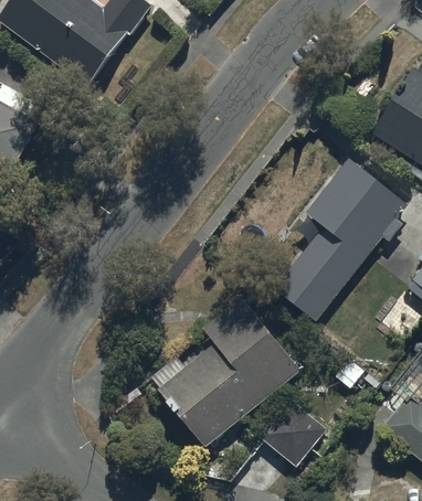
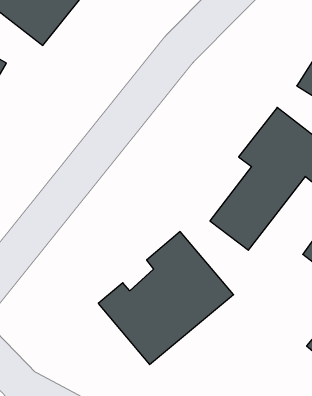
building: [256,398,326,468] -> none

